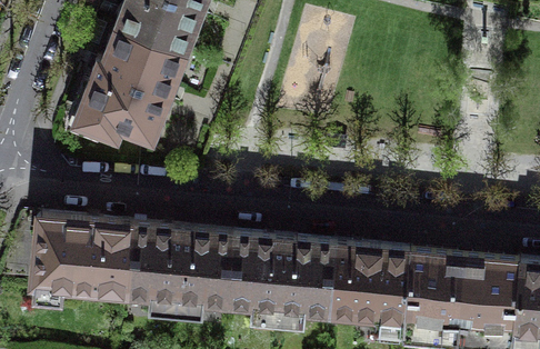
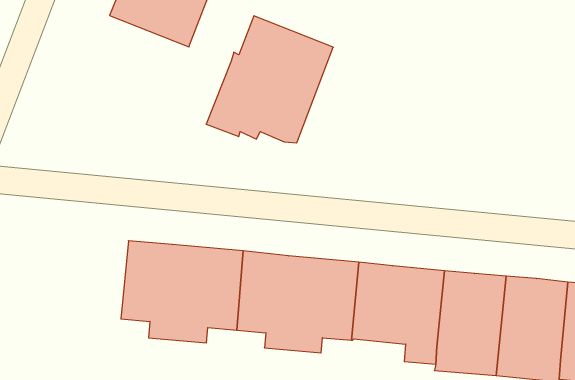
building: [72,26,184,138] -> [206,16,333,143]
building: [32,216,131,302] -> none

